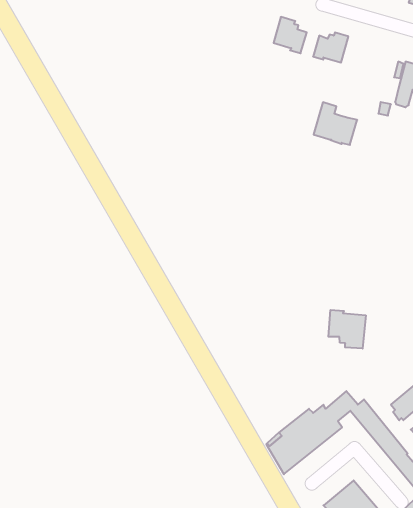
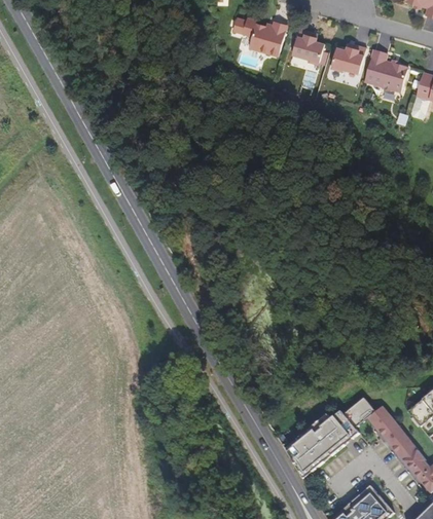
building: none -> [232,16,286,55]
building: [314,102,357,145] -> [364,49,407,91]
building: [328,310,366,349] -> none

